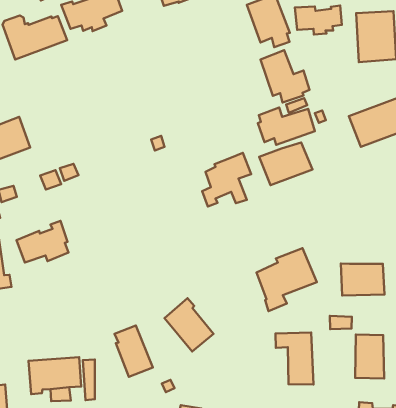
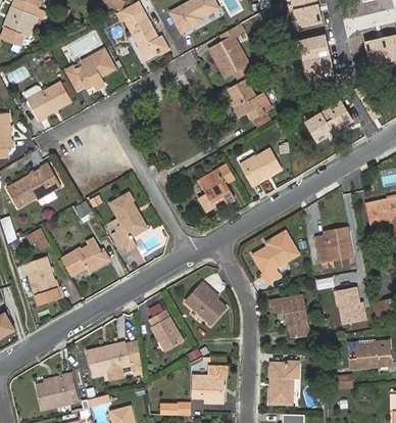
building: [295,5,342,34] -> none
building: [258,108,315,145] -> none
building: none -> [111,195,145,249]

